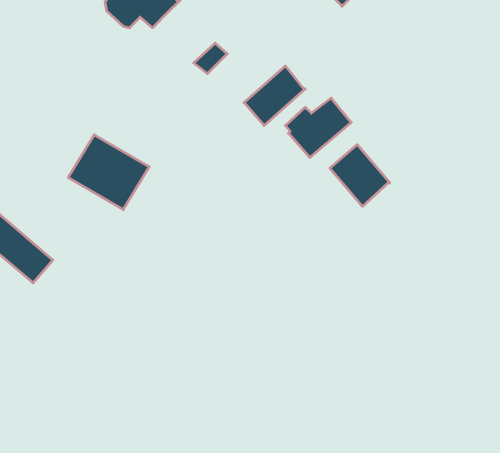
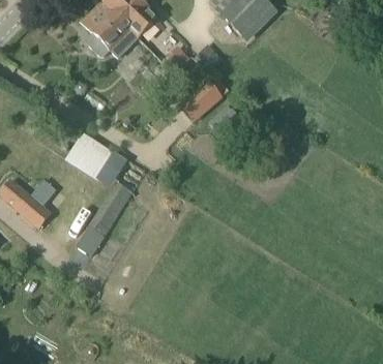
building: [330,145,390,206] -> none
building: none -> [77,179,132,255]

